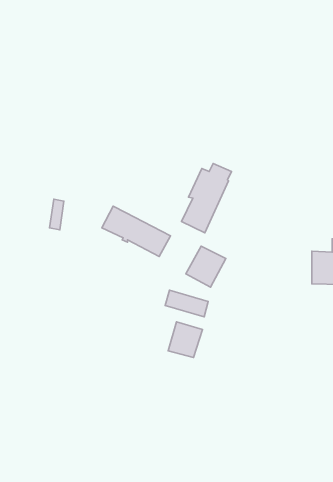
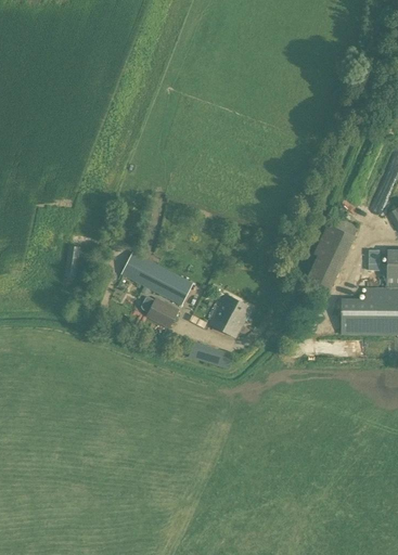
building: [181,163,232,233] -> [305,218,358,292]
building: none -> [139,295,179,327]
building: [168,322,202,358] -> none

